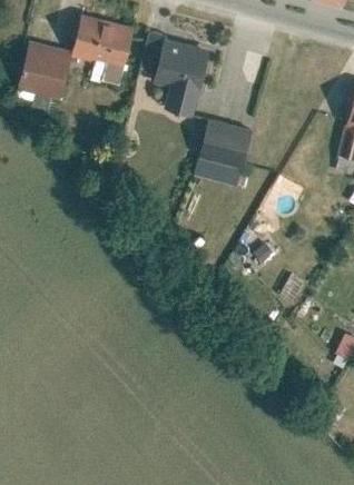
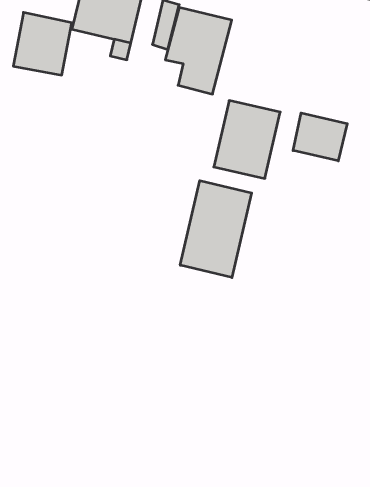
building: none -> [293,113,347,161]
building: none -> [180,181,252,278]

